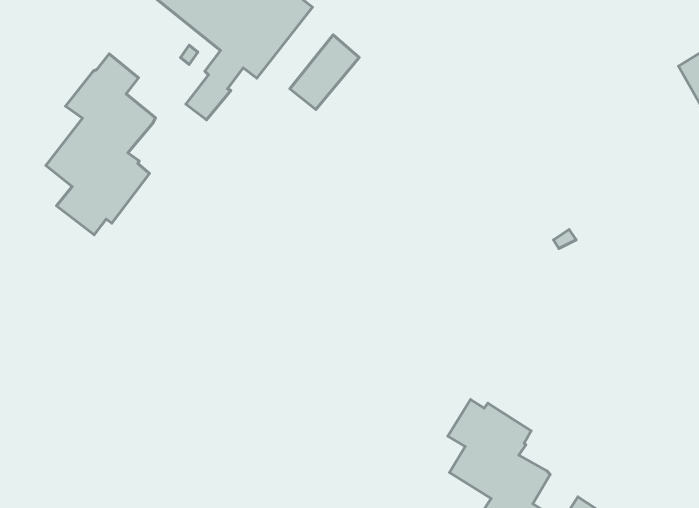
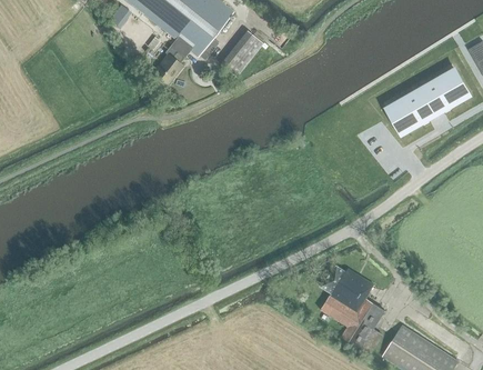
building: [46,54,155,235] -> none
building: none -> [385,67,466,132]

